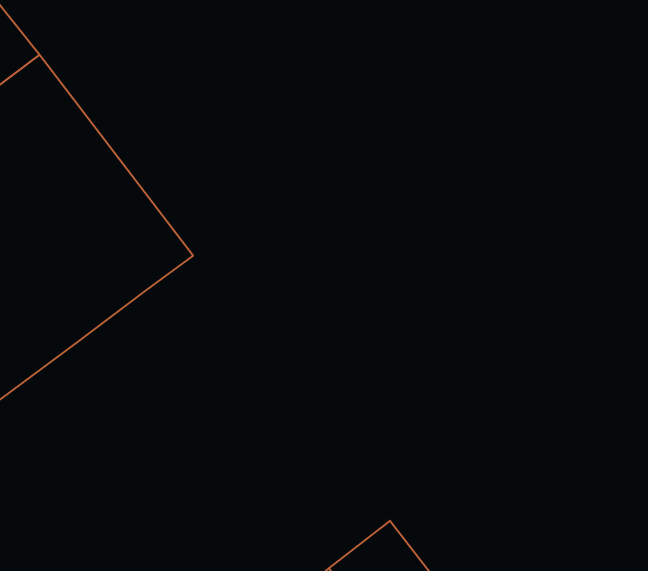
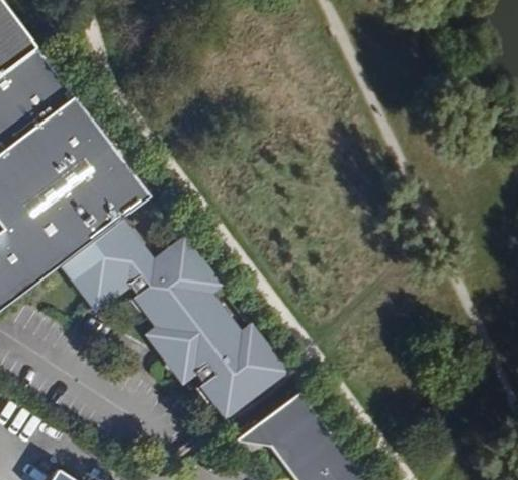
building: none -> [63,221,277,410]

